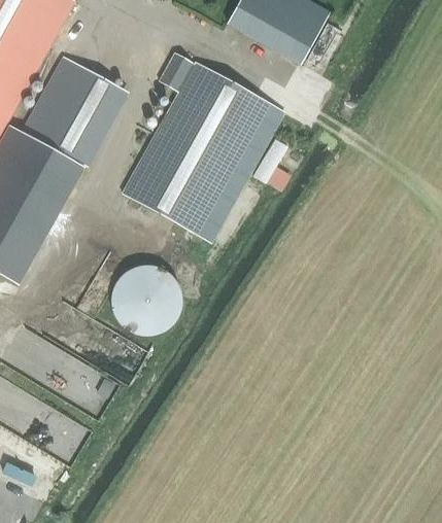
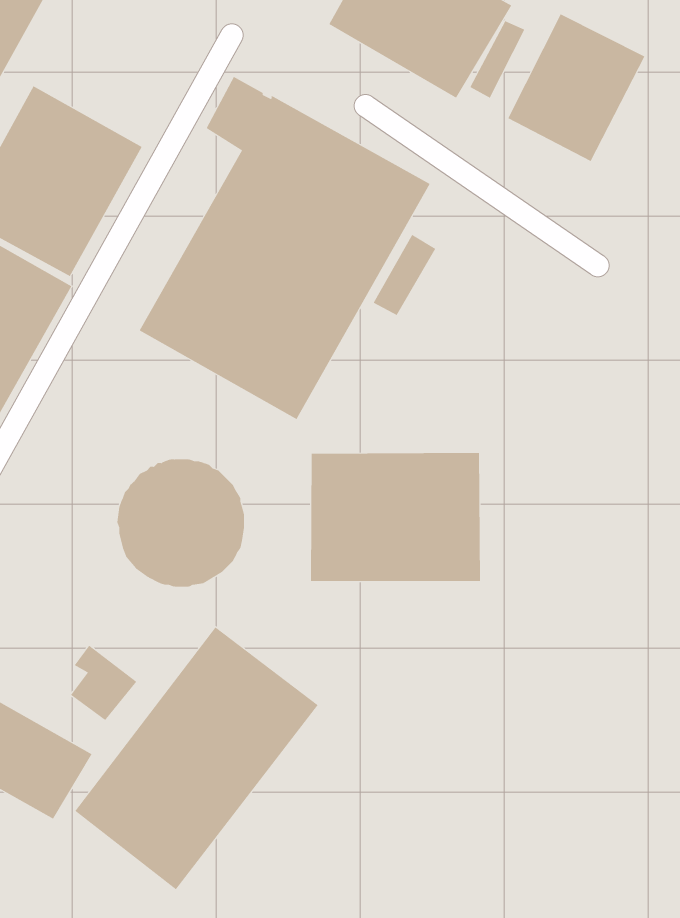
building: none -> [507,14,645,162]
building: none -> [311,452,481,582]
building: none -> [74,627,318,890]

